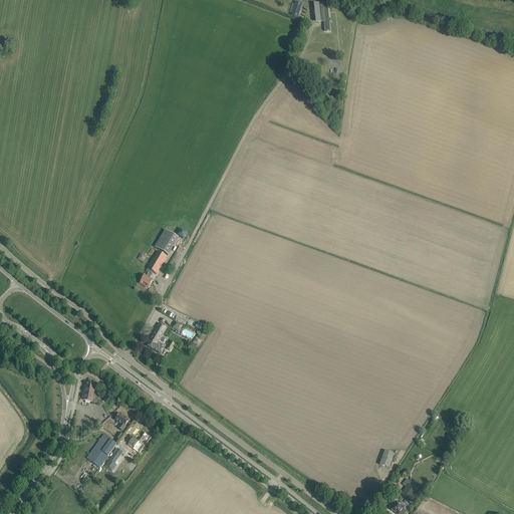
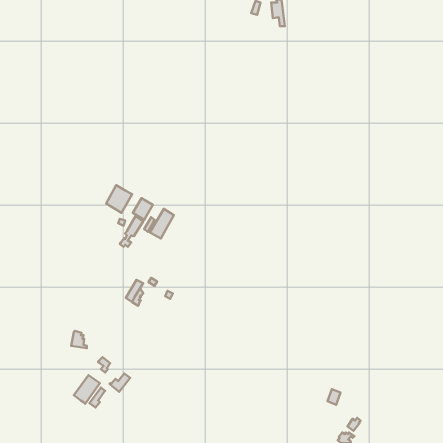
building: none -> [106,185,132,213]
building: none -> [150,209,174,238]

